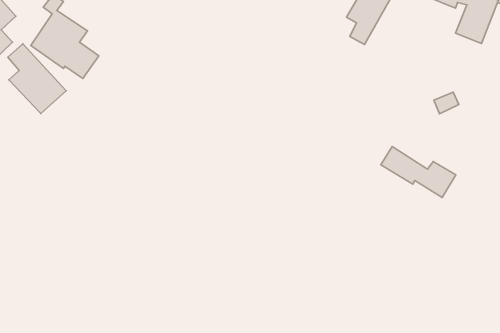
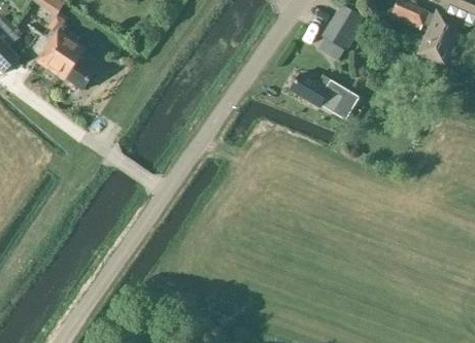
building: [8,44,66,114] -> none
building: [381,147,456,198] -> [292,72,360,118]

